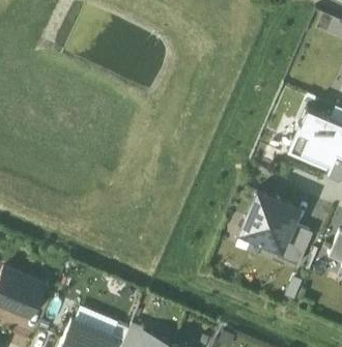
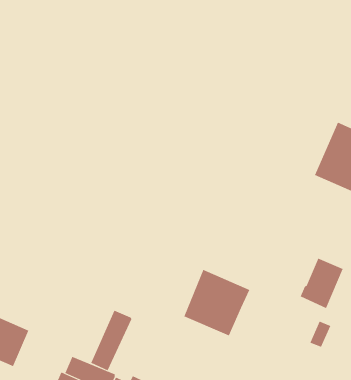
building: [241,190,298,247] -> [184,269,250,336]
building: none -> [90,310,132,371]

